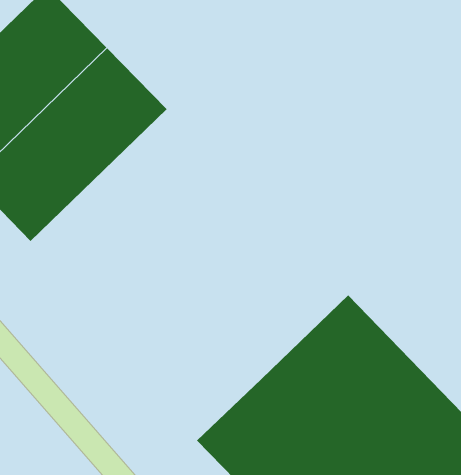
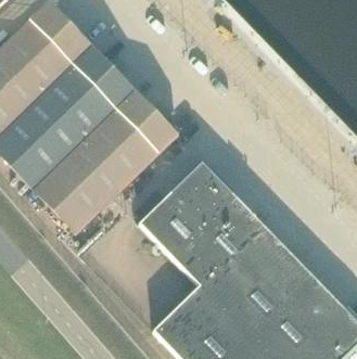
building: none -> [35,91,177,232]
building: none -> [140,162,264,285]

